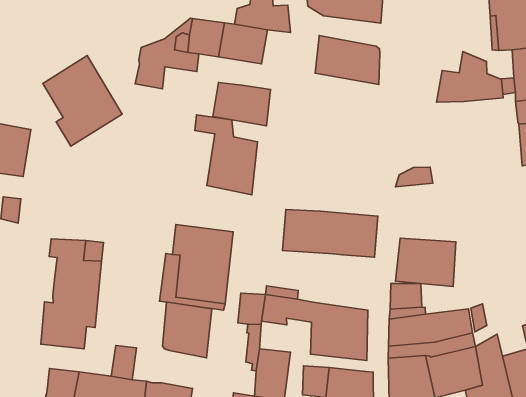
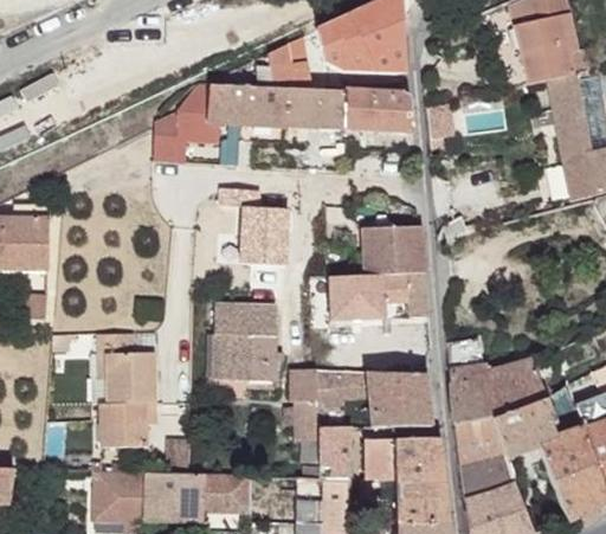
building: [436,52,503,102] -> none
building: [43,56,122,146] -> none
building: [213,83,270,126] -> [286,89,344,129]
building: [396,238,456,286] -> [366,226,427,275]
building: [162,302,212,358] -> none

